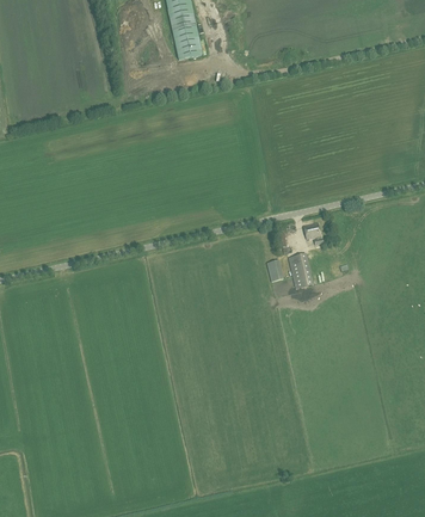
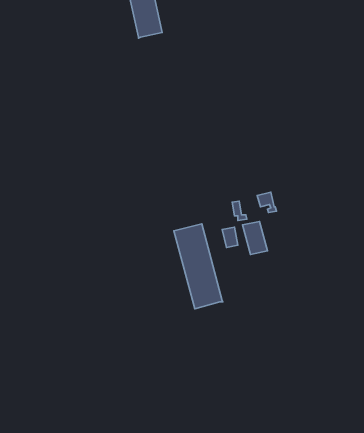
building: none -> [174,224,223,309]

